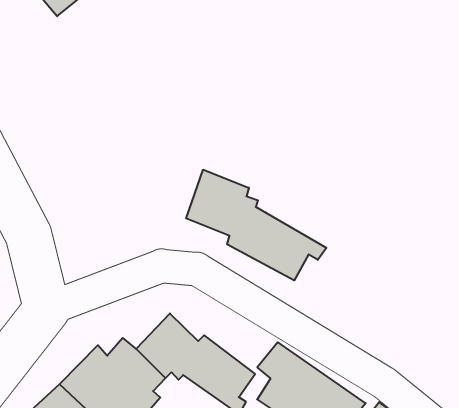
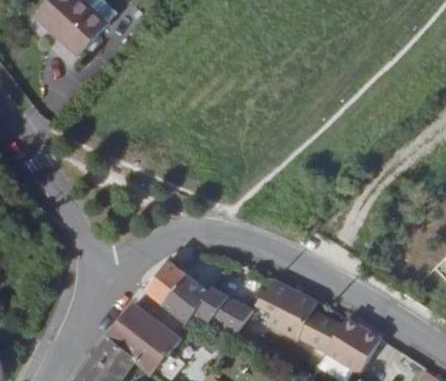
building: [186,170,326,280] -> none
building: none -> [145,260,185,302]

